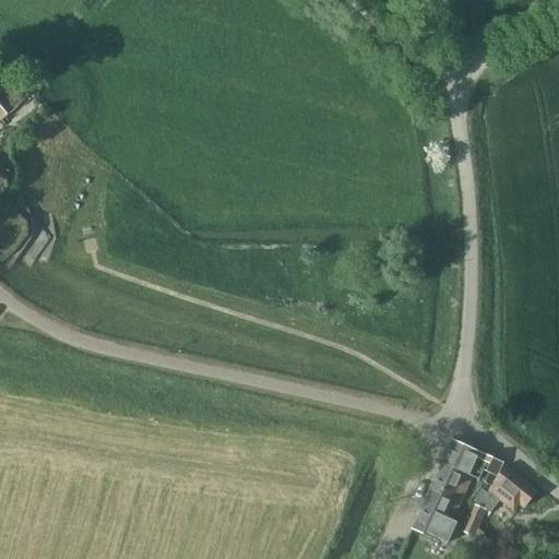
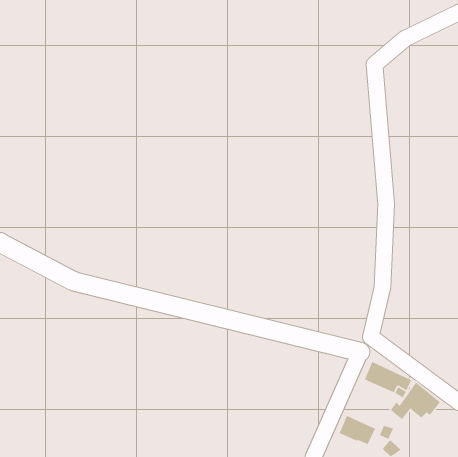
building: [423,462,473,519] -> none

